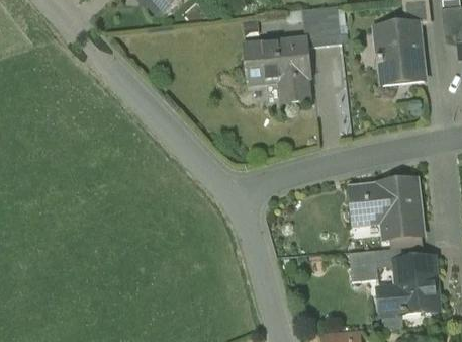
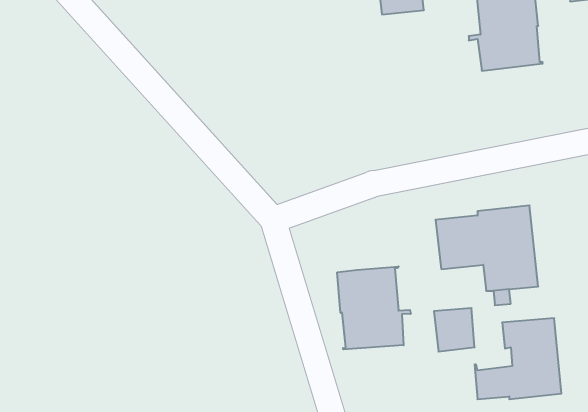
building: [246,38,309,99] -> none
building: none -> [337,266,411,349]

